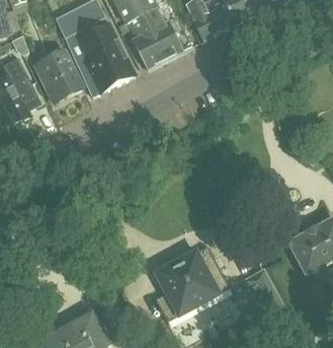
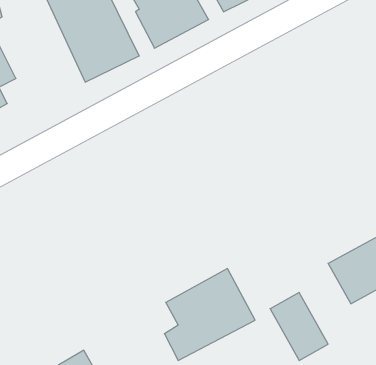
building: [34,51,83,102] -> none

